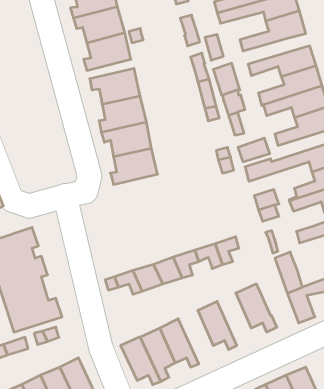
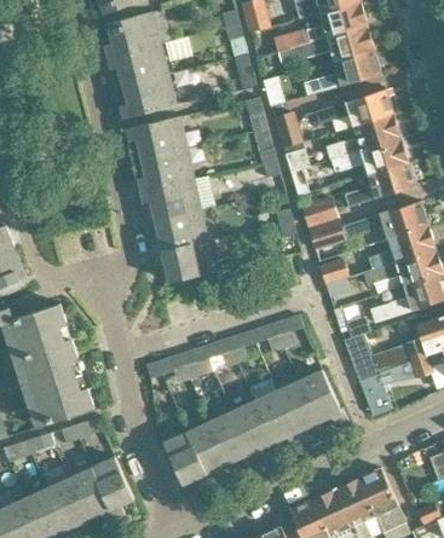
building: none -> [154,241,213,282]
building: none -> [276,381,316,442]
building: none -> [230,401,271,464]

